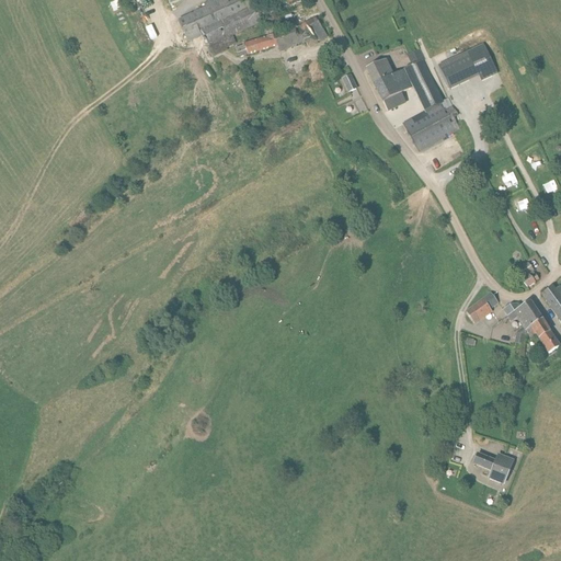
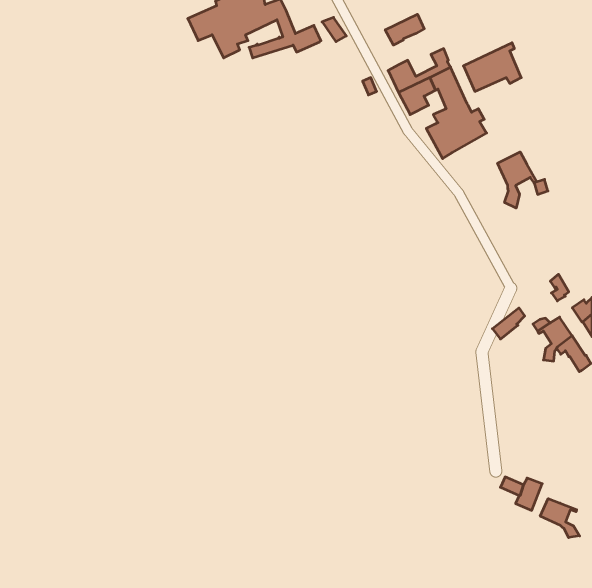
building: none -> [385,14,424,45]
building: none -> [498,152,536,208]
building: none -> [540,499,580,538]

